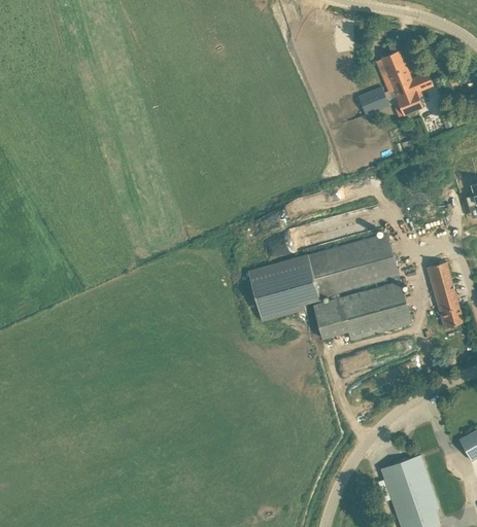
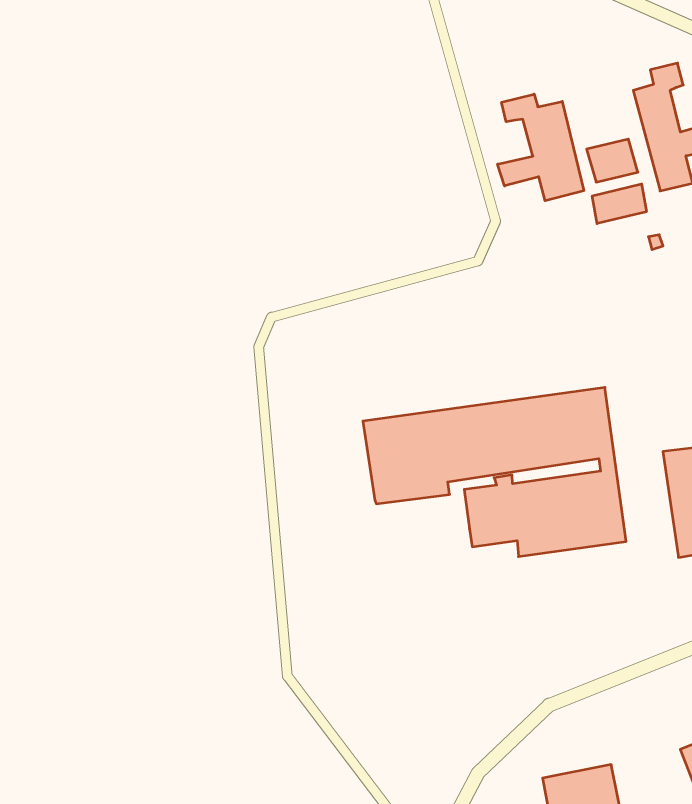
building: none -> [498,94,584,201]
building: none -> [592,184,646,224]

